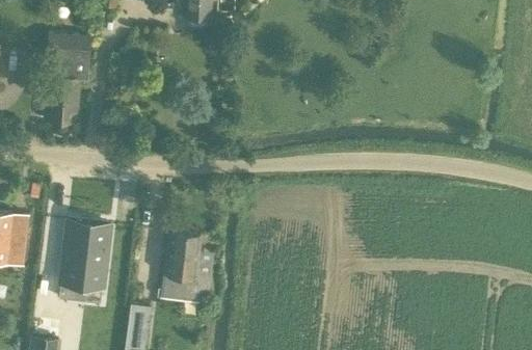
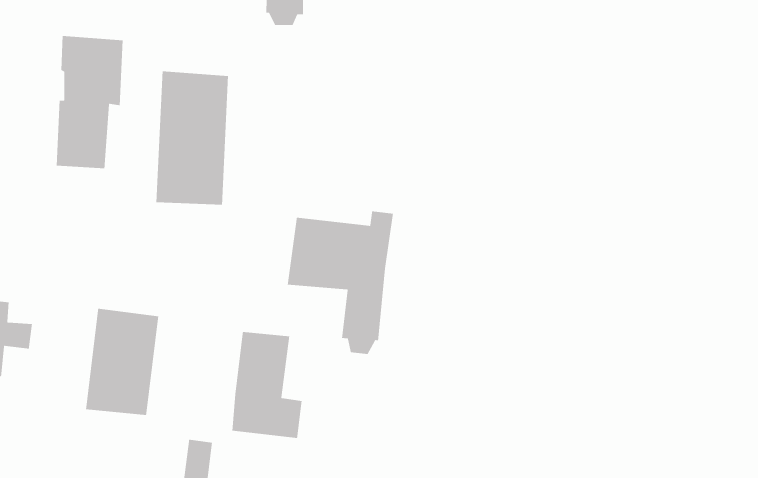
building: none -> [156,70,229,206]
building: none -> [287,210,394,355]

